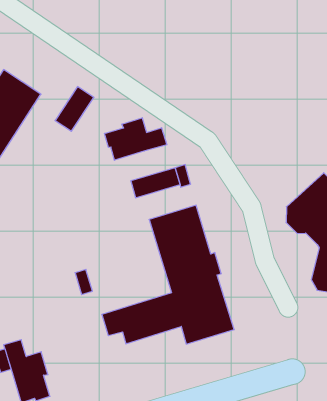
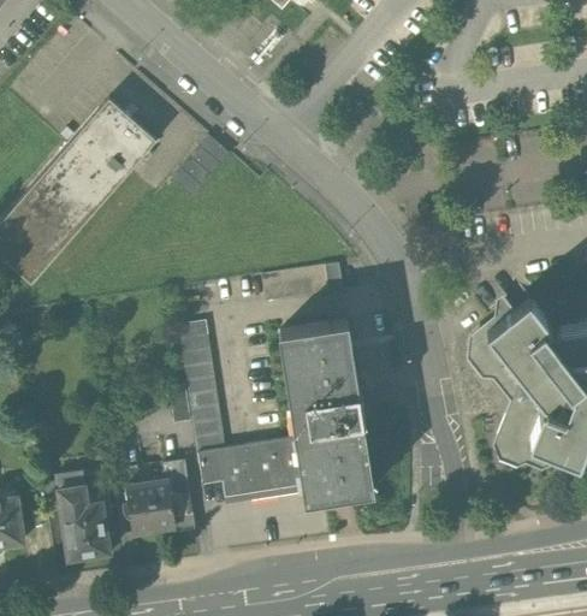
building: [105,118,167,160] -> none
building: none -> [178,321,225,454]
building: none -> [128,460,195,533]

